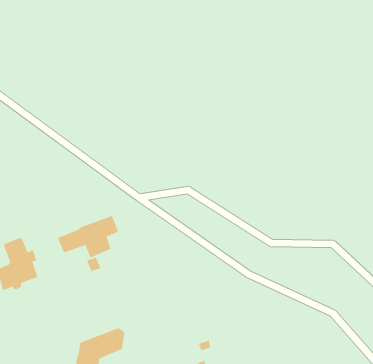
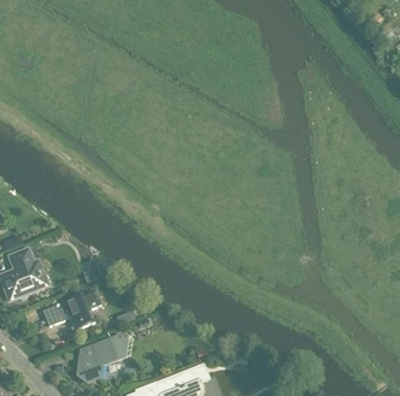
building: [57,215,119,258] -> [42,288,101,329]

